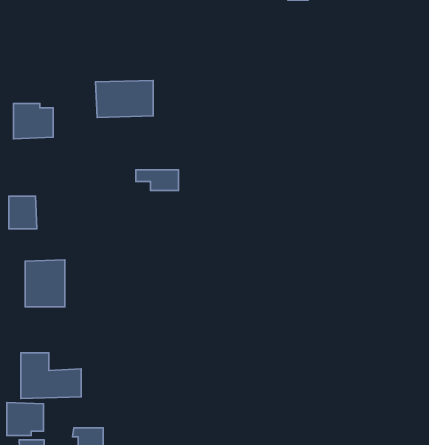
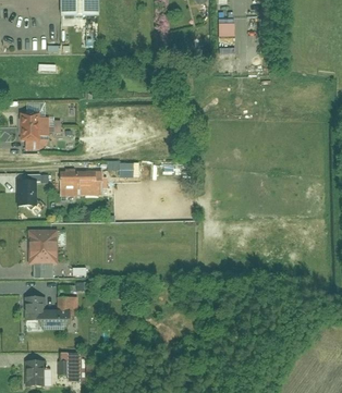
building: [96,81,153,117] -> [59,169,101,196]
building: [7,403,43,435] -> none

